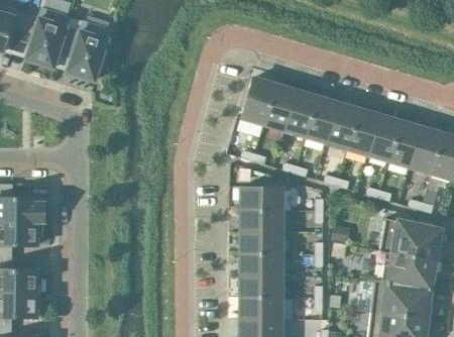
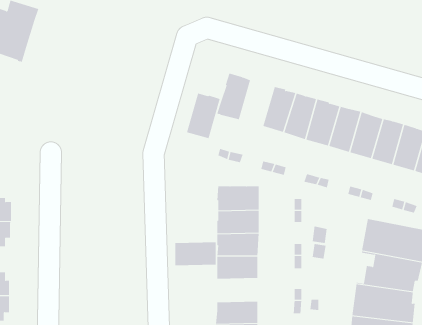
building: [58,20,110,81] -> none
building: [262,85,296,129] -> [186,93,221,139]
building: [240,275,280,299] -> [174,242,216,266]

